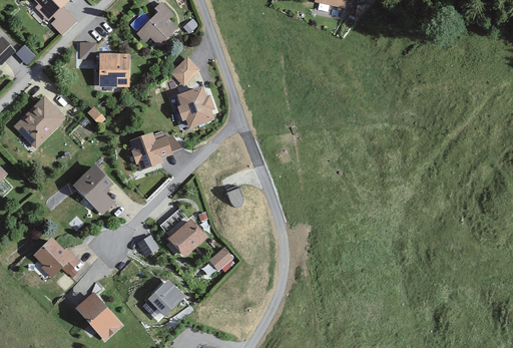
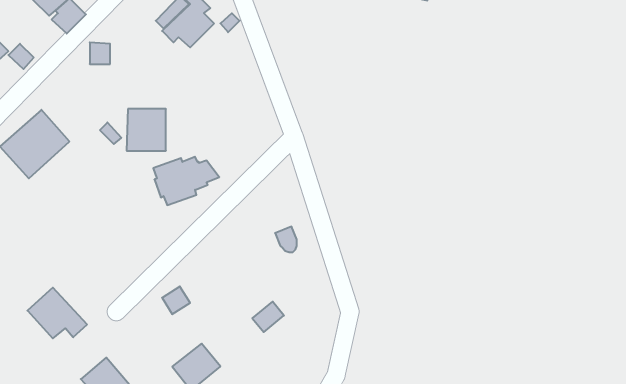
building: [99,54,130,87] -> [127,109,166,151]
building: [171,57,200,86] -> none
building: [177,86,215,128] -> none
building: [72,165,115,216] -> none
building: [166,216,210,258] -> none

